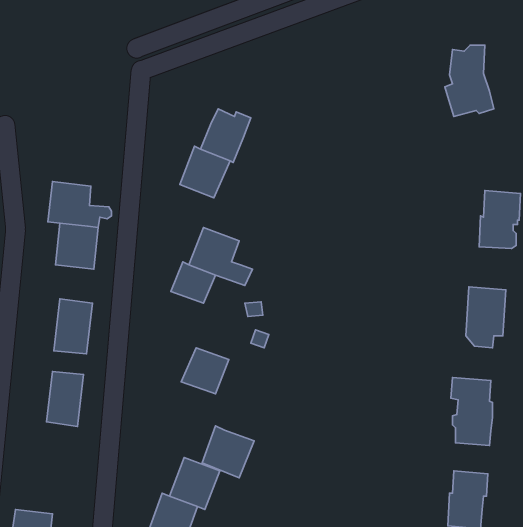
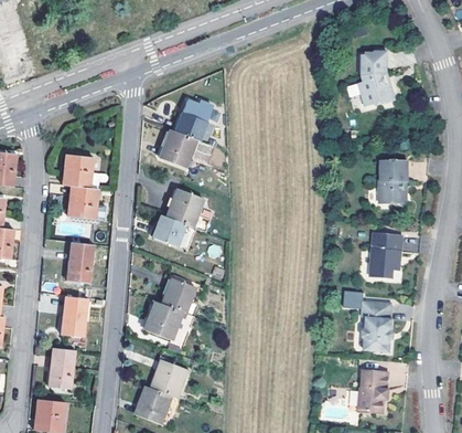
building: [202,426,254,478] -> [144,300,183,339]
building: none -> [47,347,76,389]

